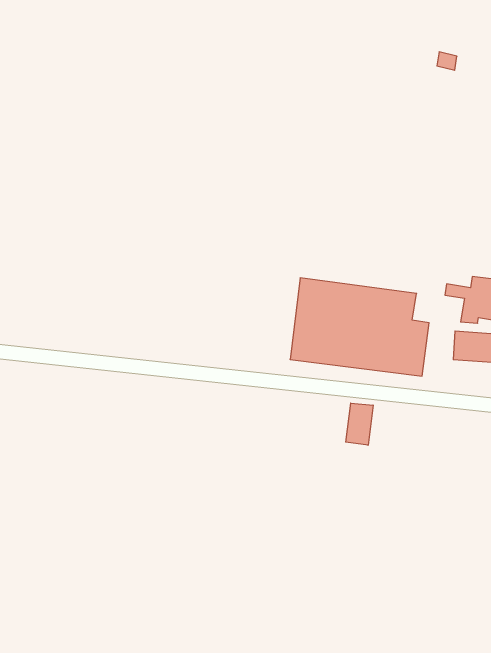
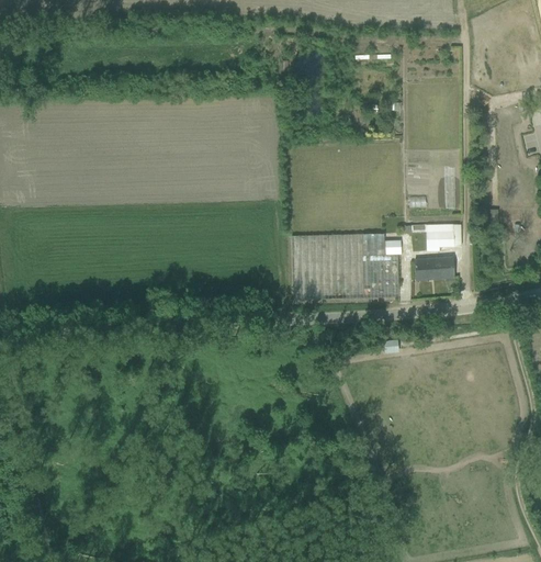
building: [346,403,373,445] -> none

